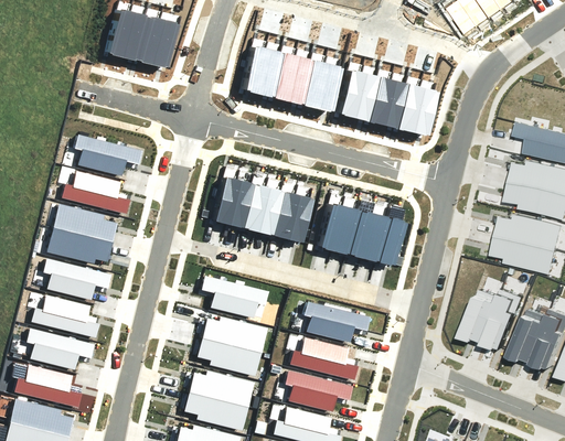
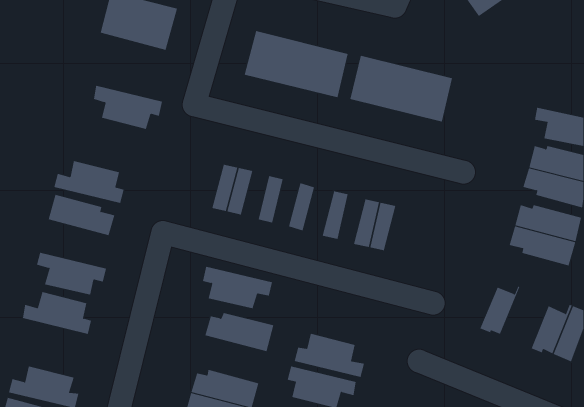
building: [75,133,141,175] -> [93,85,163,129]
building: [238,182,264,228] -> none
building: [268,190,294,235] -> none
building: [330,204,355,251] -> none
building: [374,215,399,261] -> none
building: [47,228,113,266] -> none
building: [484,292,522,345] -> none
building: [300,298,367,338] -> none
building: [24,326,92,367] -> none
building: [198,338,263,378] -> none

